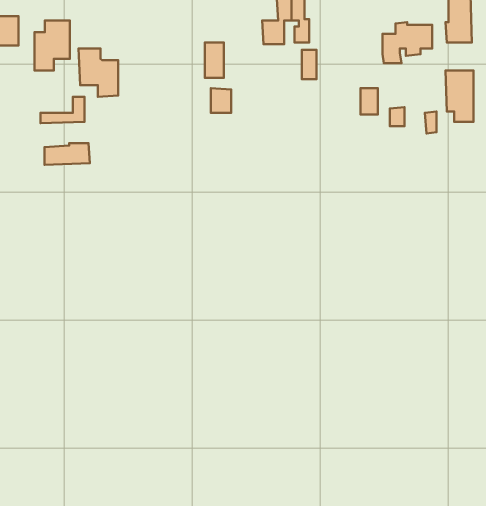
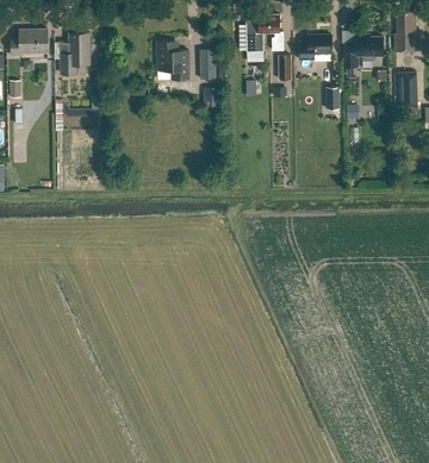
building: none -> [299,36,331,60]
building: [79,49,118,97] -> [155,44,187,83]
building: [44,143,90,165] -> none

